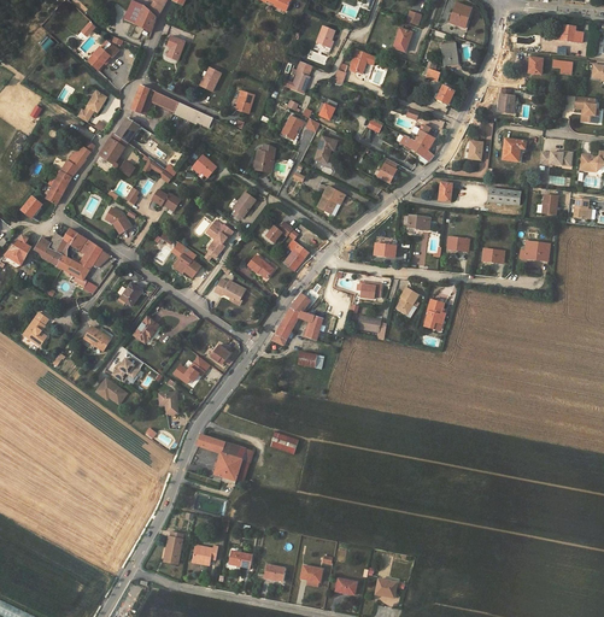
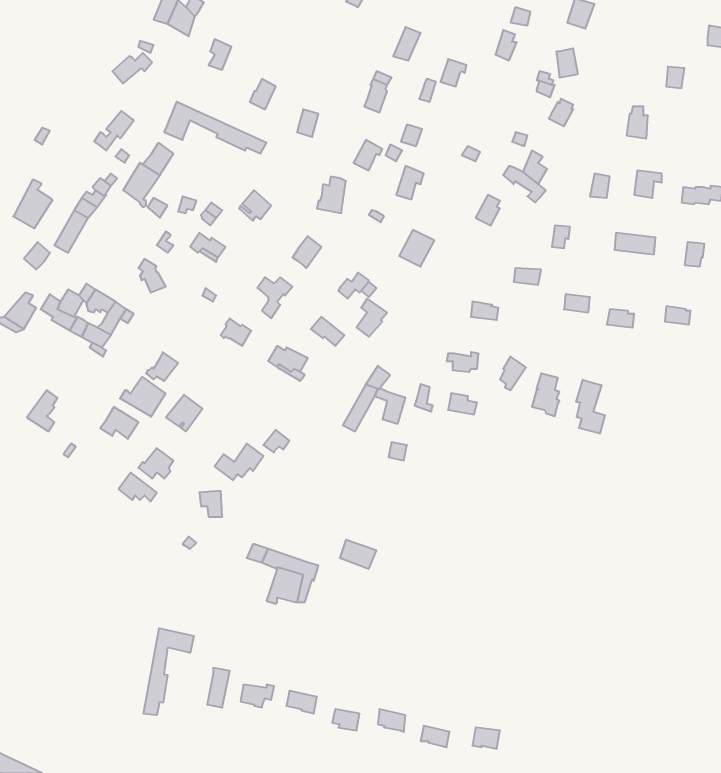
building: none -> [13,179,52,228]
building: none -> [120,377,165,417]
building: none -> [576,380,605,434]
building: none -> [144,628,194,715]

